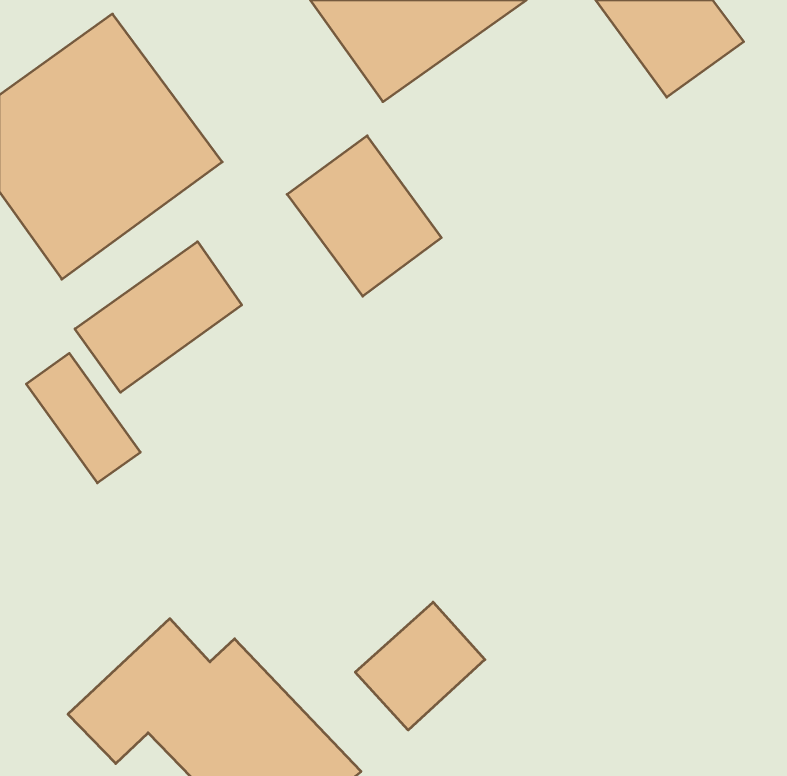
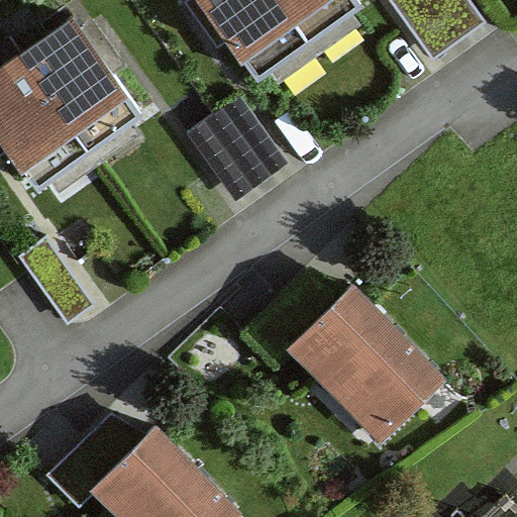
building: [75,242,242,392] -> none
building: none -> [245,268,448,439]
building: [355,602,485,730] -> none

